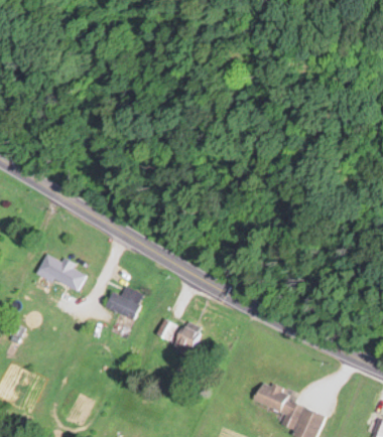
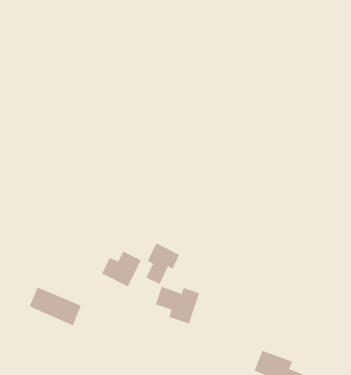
building: [35,254,87,292] -> [29,287,82,326]
building: none -> [146,243,180,285]

